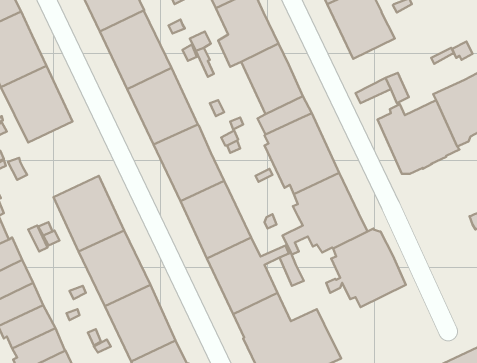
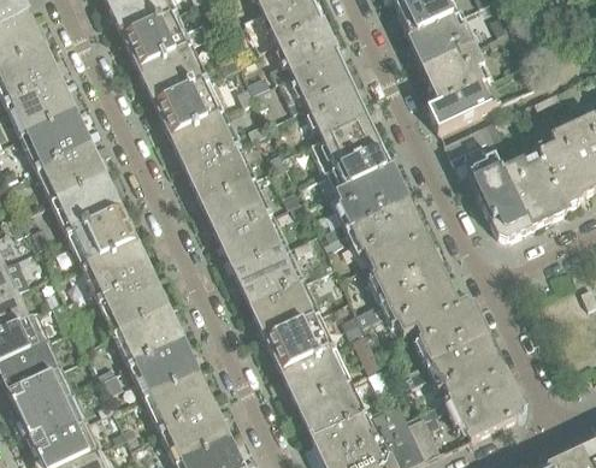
building: none -> [427,76,501,129]
building: none -> [53,174,137,265]
building: none -> [406,369,520,457]

